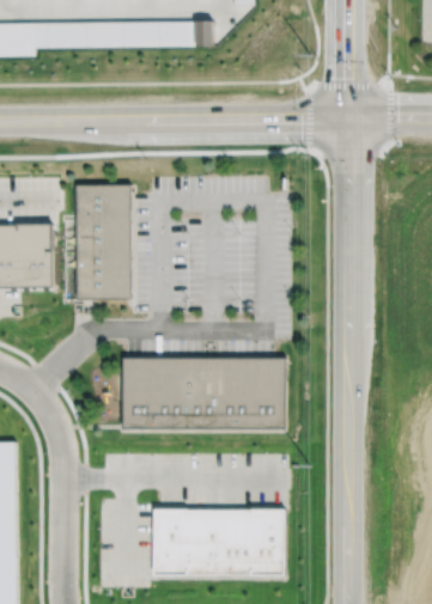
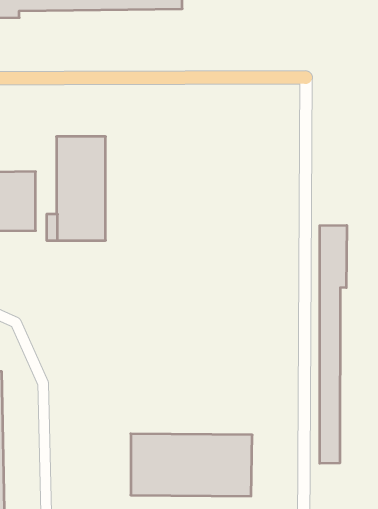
building: none -> [320,225,347,463]
building: [122,356,285,432] -> none

